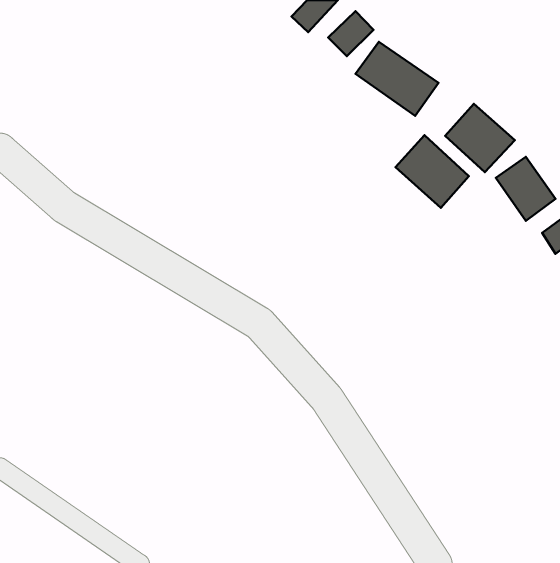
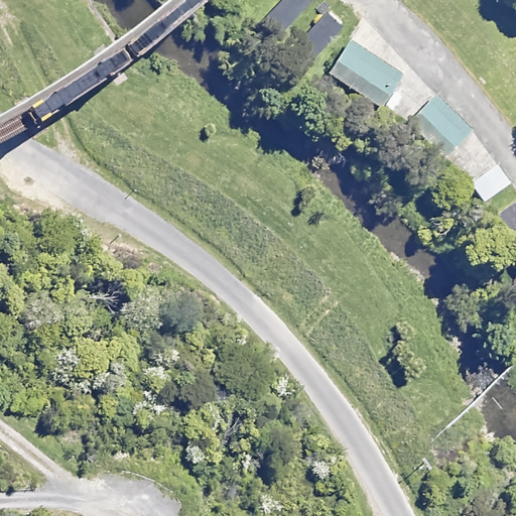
building: [396,135,469,208] -> none

